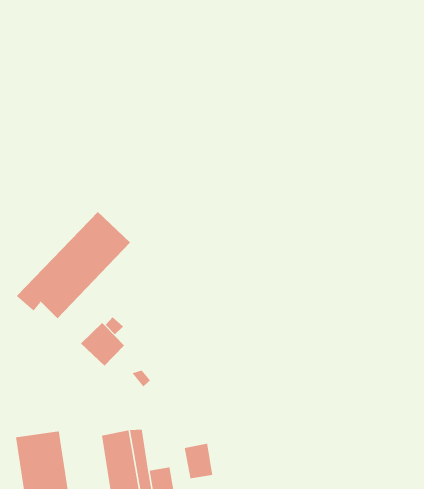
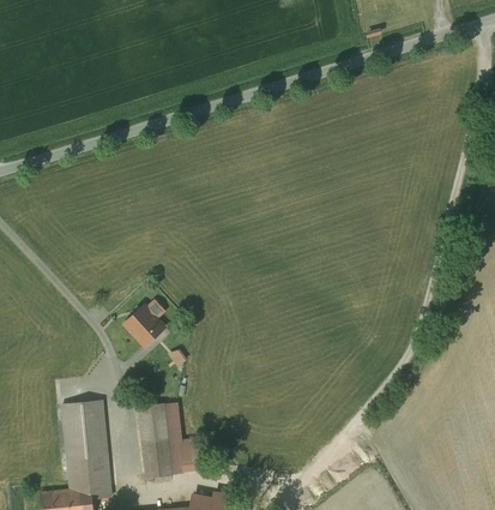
building: [16,211,131,319] -> none
building: [184,443,213,479] -> none

